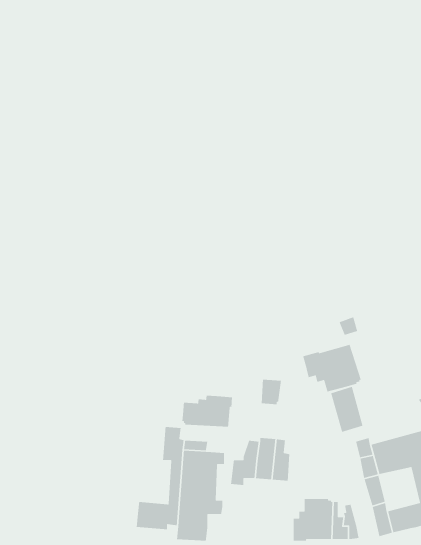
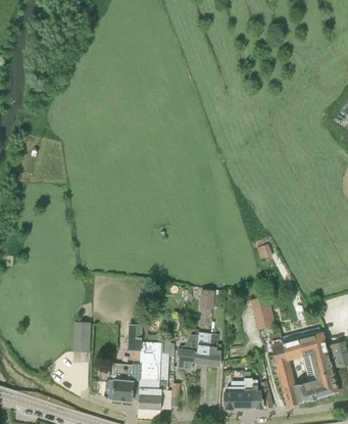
building: [302,344,362,393] -> none
building: [182,395,233,427] -> none
building: none -> [72,322,91,352]

